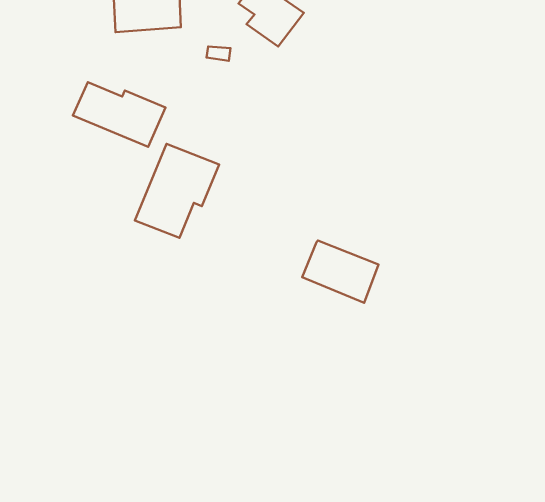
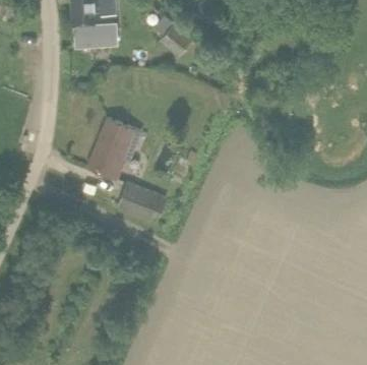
building: [73,82,166,147] -> none
building: [302,241,379,303] -> [117,182,166,222]

